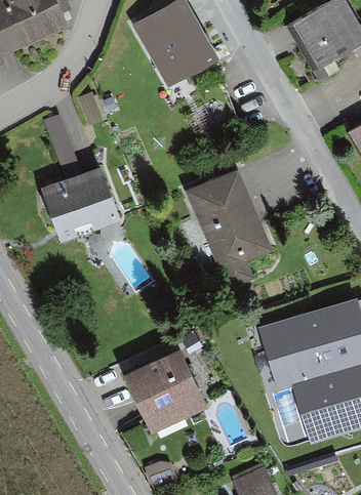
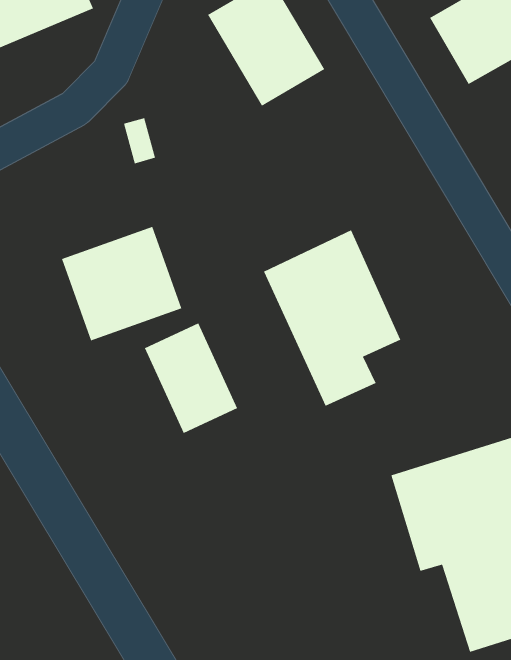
building: none -> [144,323,238,434]
building: [125,354,200,428] -> none

